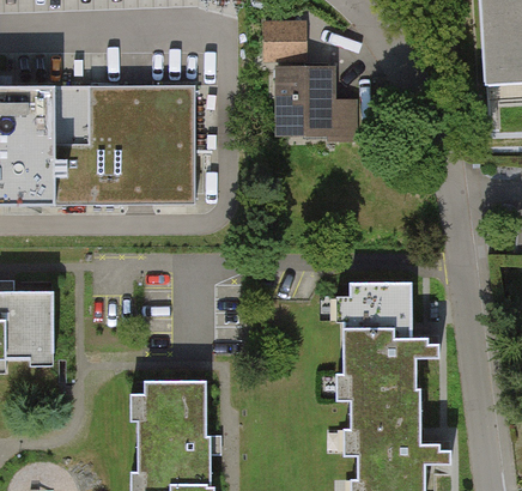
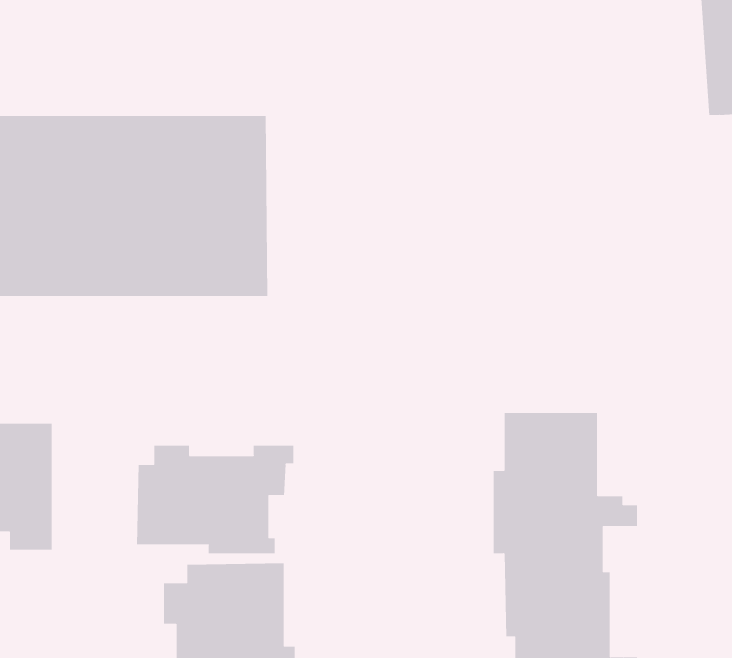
building: [267,25,303,59] -> none
building: [275,66,360,143] -> none
building: none -> [137,445,294,554]

